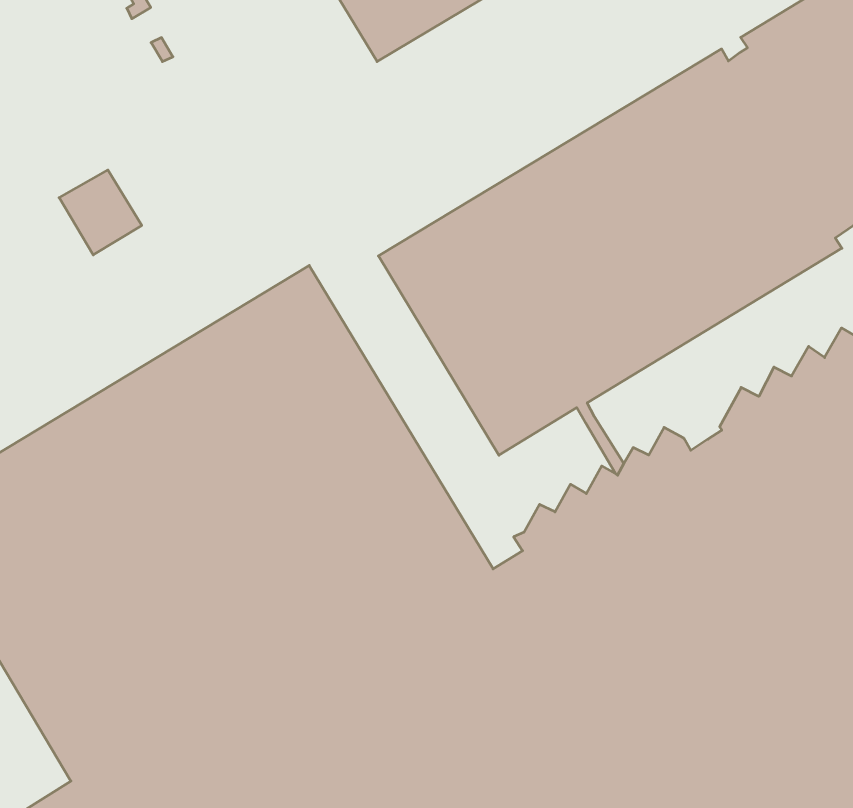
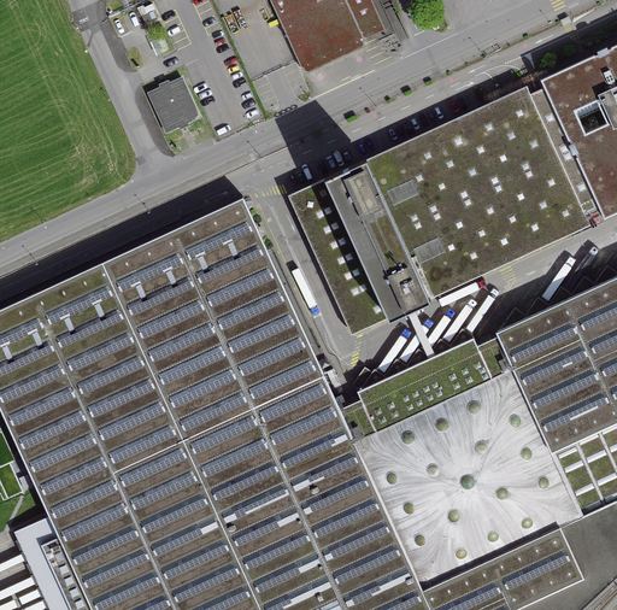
building: [59,170,142,255] -> [148,80,200,134]

